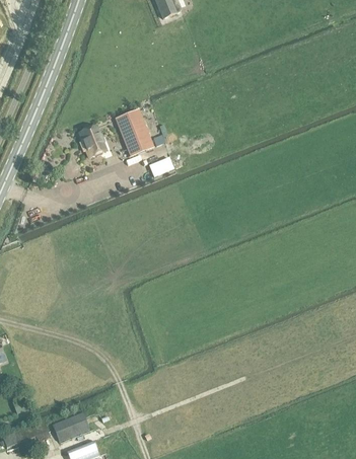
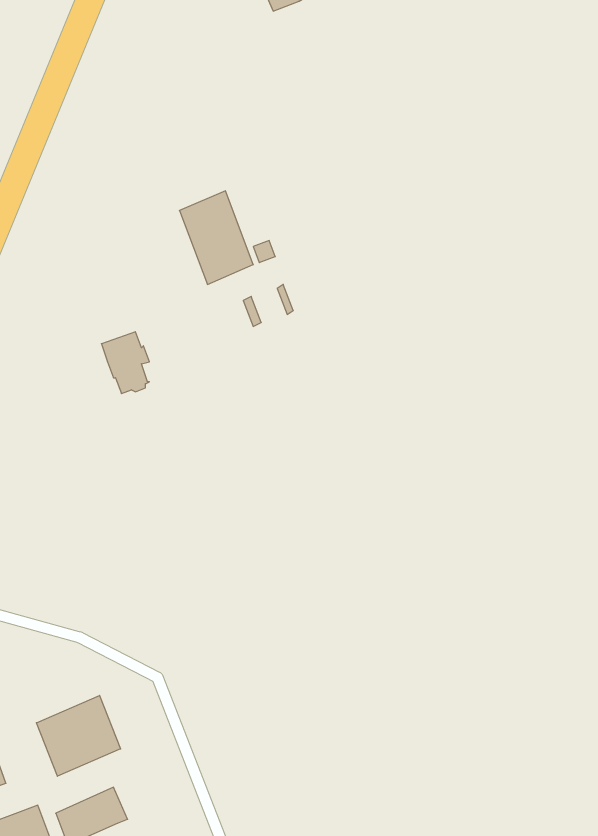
building: [79,126,103,157] -> [101,332,149,394]
building: none -> [36,695,121,776]

